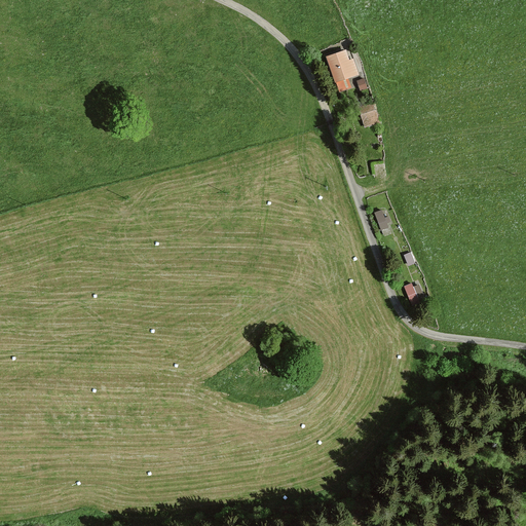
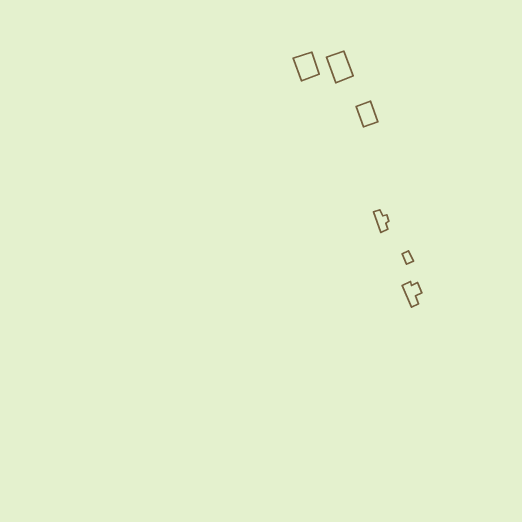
building: none -> [293,52,319,81]

